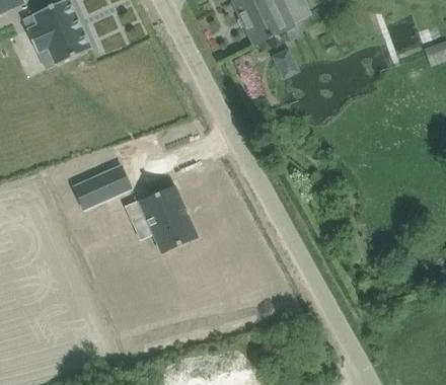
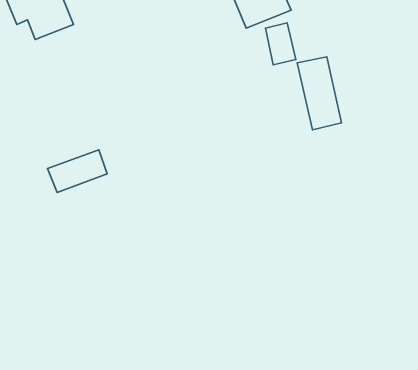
building: none -> [297,57,341,130]
building: [124,186,196,252] -> none

